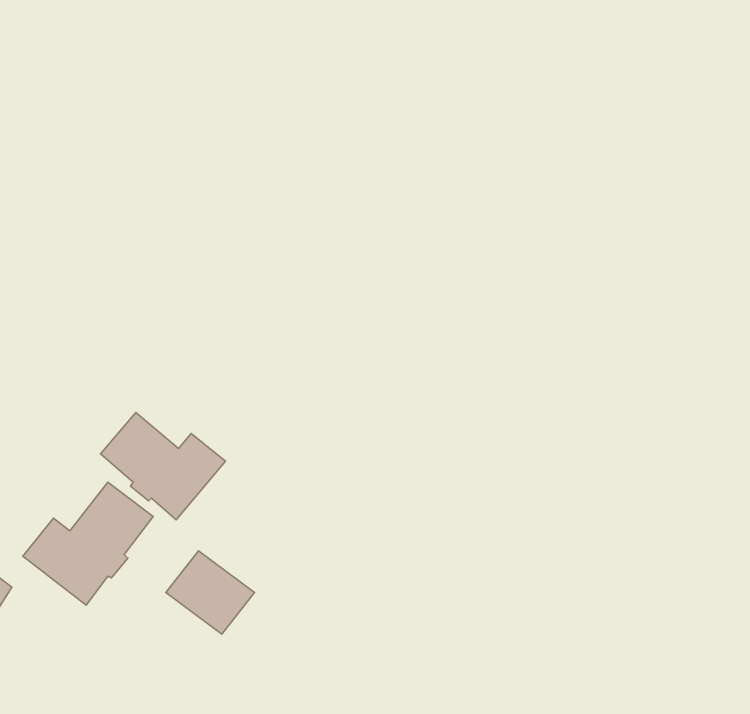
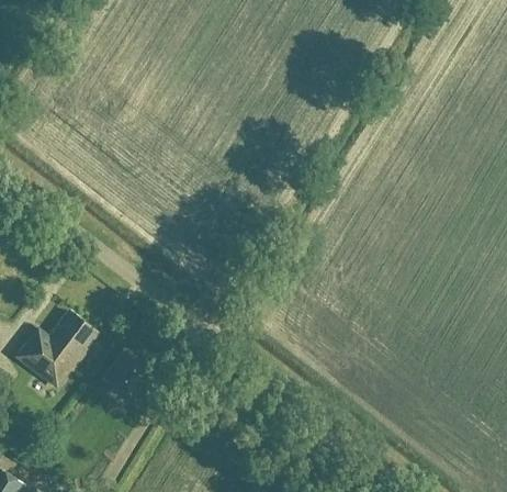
building: [100,413,226,520] -> none

